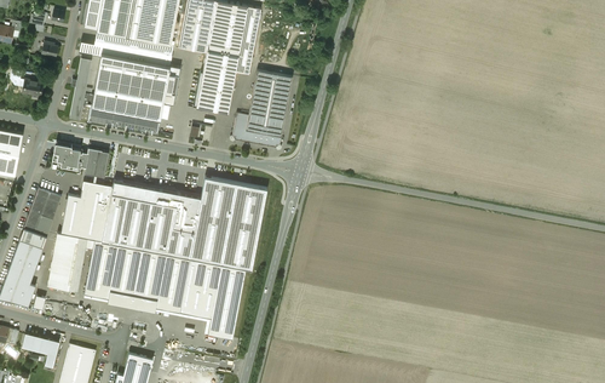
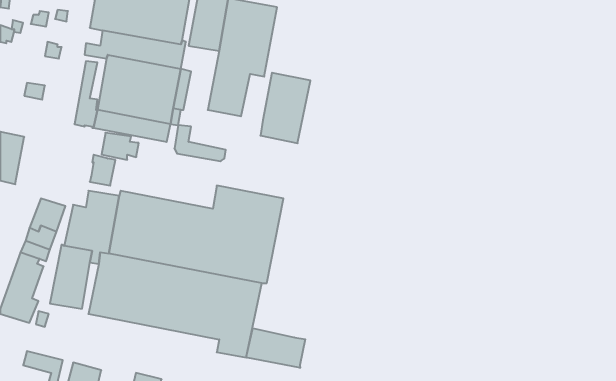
building: [232,114,281,148] -> [174,125,226,161]
building: [53,145,88,171] -> [102,133,139,160]
building: none -> [246,328,305,368]

